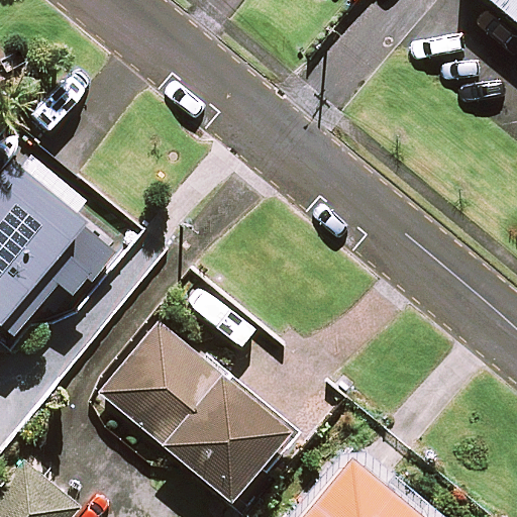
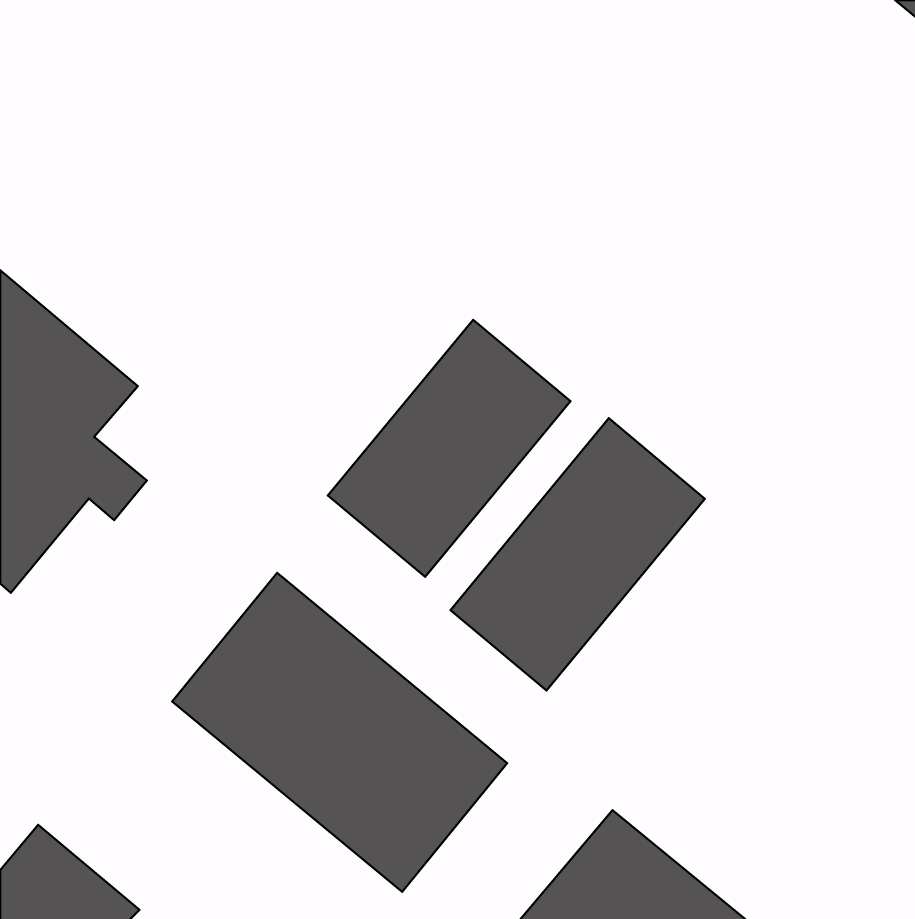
building: none -> [328,320,570,577]
building: none -> [450,418,705,691]

